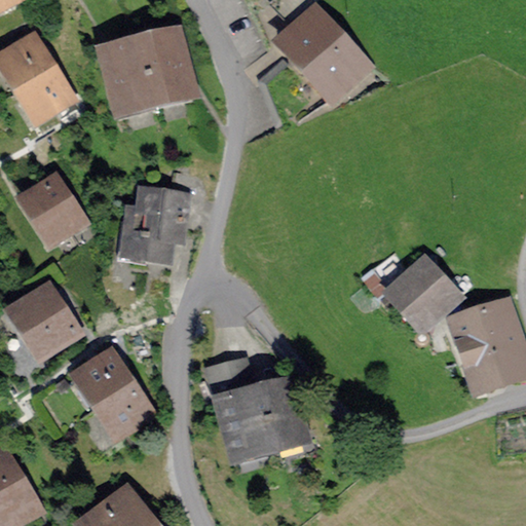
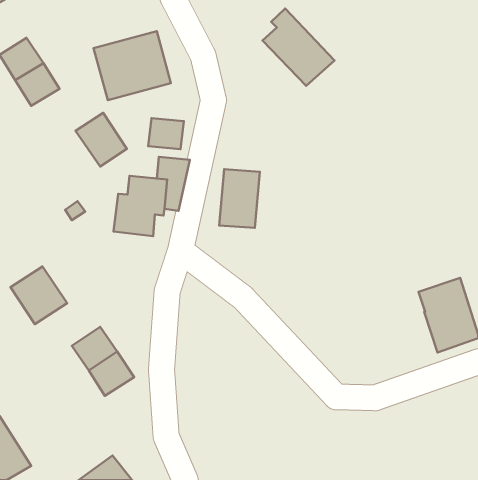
building: none -> [148,118,184,149]
building: [22,179,77,237] -> [76,113,127,167]
building: none -> [219,169,260,228]
building: [391,260,453,322] -> none
building: [212,365,299,453] -> none

